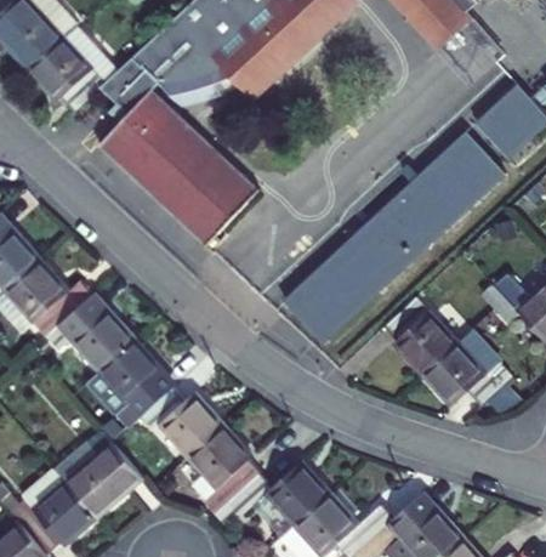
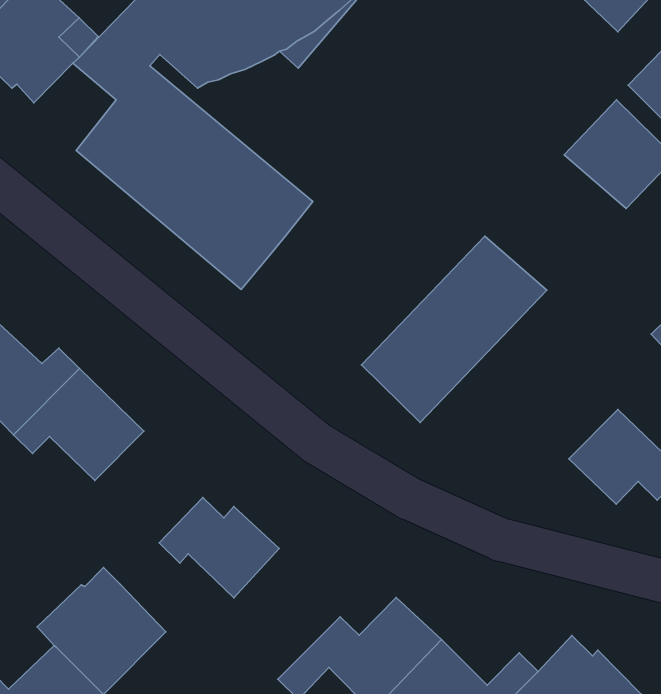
building: [372,167,470,258] -> none
building: [383,297,456,374] -> none
building: [86,339,171,427] -> none
building: [187,424,260,512] -> none

